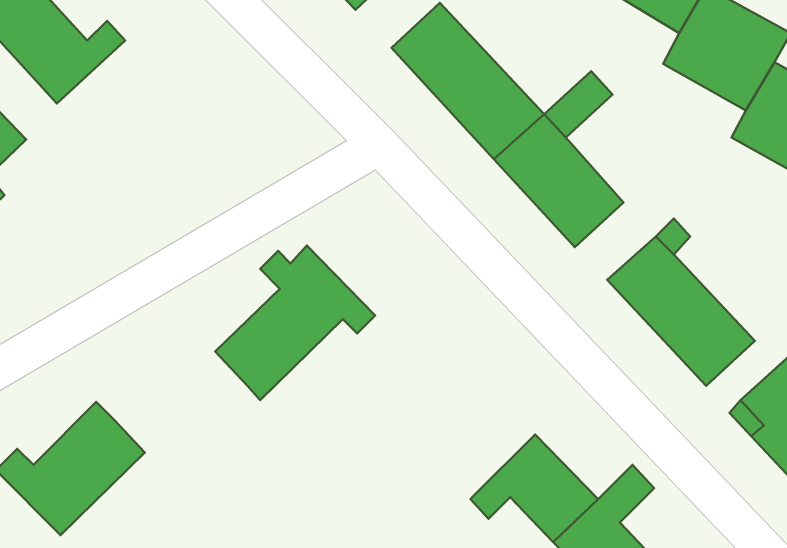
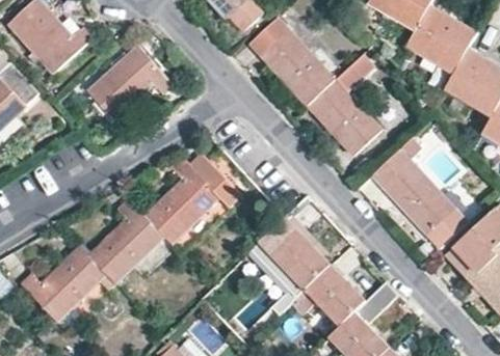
building: none -> [86,45,174,119]
building: none -> [86,197,163,284]
building: none -> [259,217,330,300]

